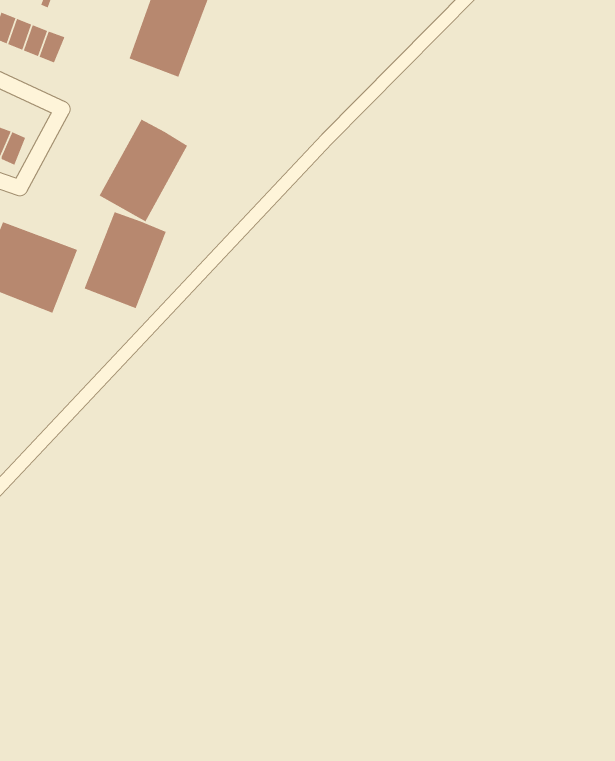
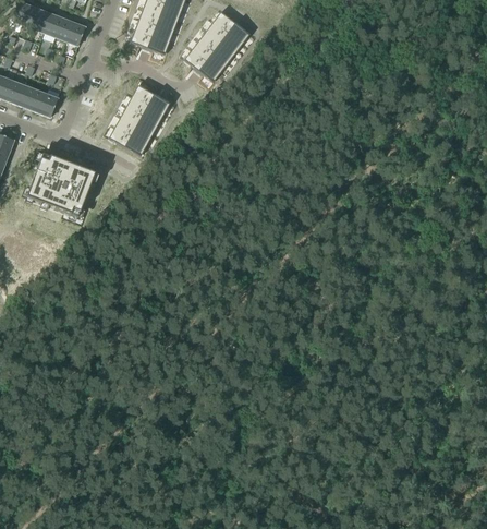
building: none -> [183,11,249,83]
building: [84,211,167,309] -> none

